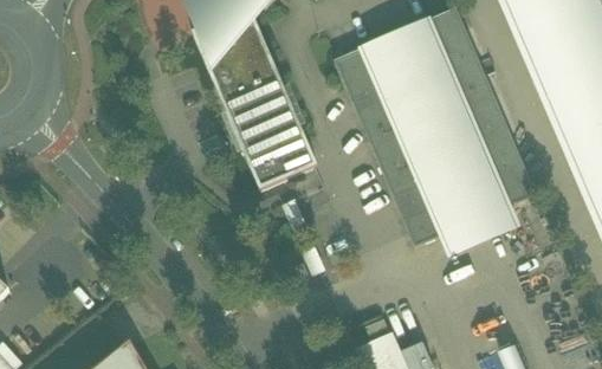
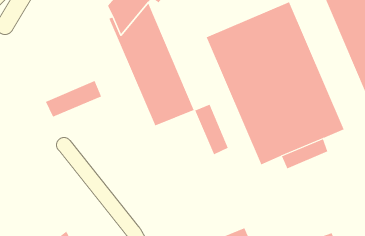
building: none -> [45,80,102,118]
building: none -> [195,104,228,155]

